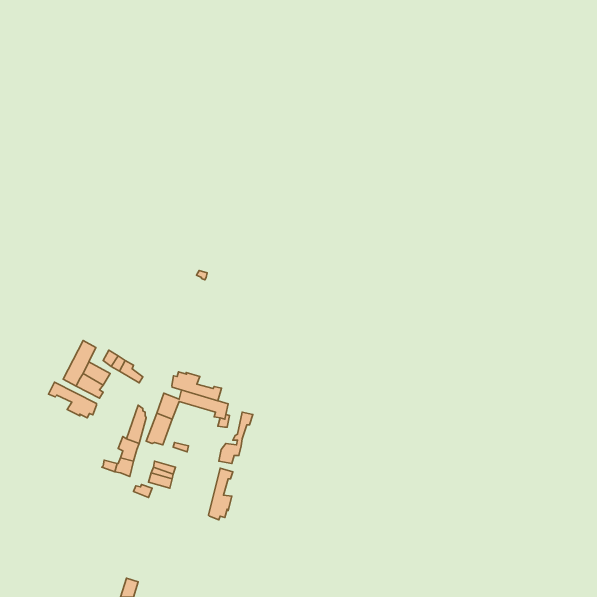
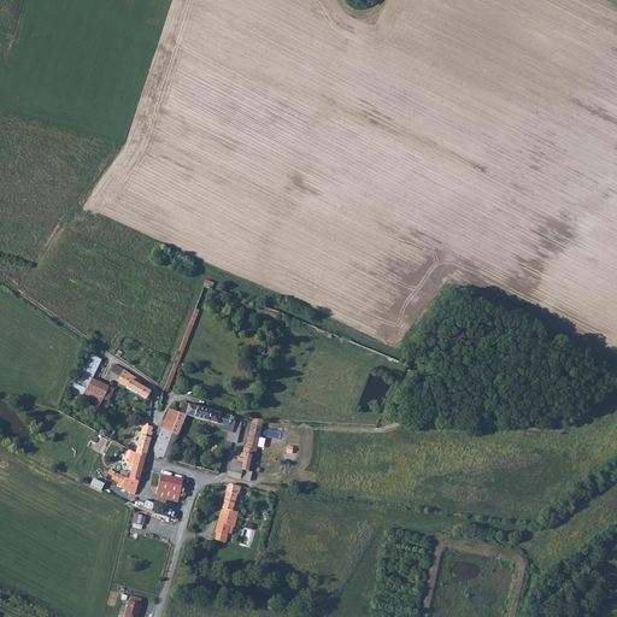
building: [172,372,221,401] -> none
building: [49,382,96,418] -> none

